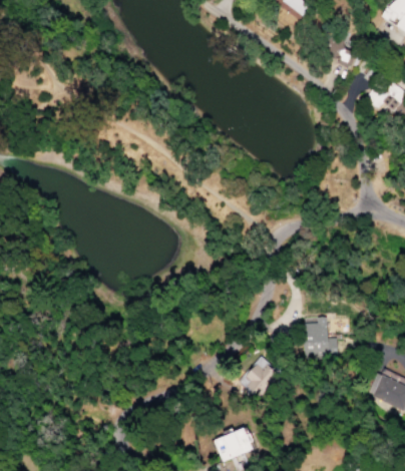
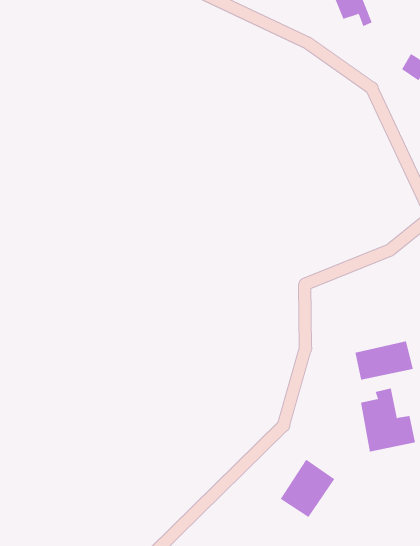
building: none -> [355,341,414,381]

